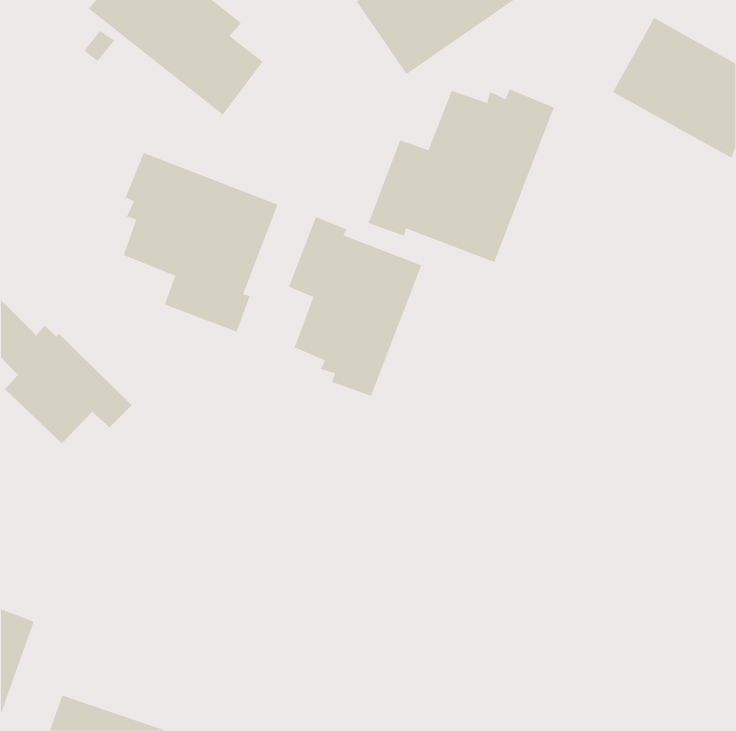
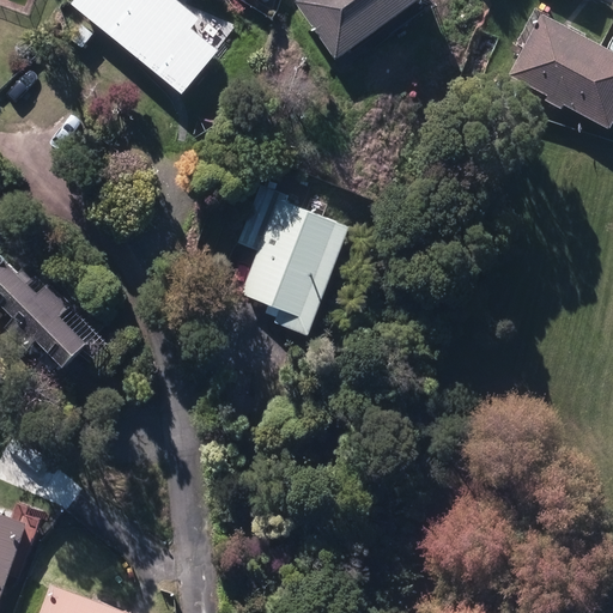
building: [368,89,554,263] -> none
building: [123,152,278,333] -> none

